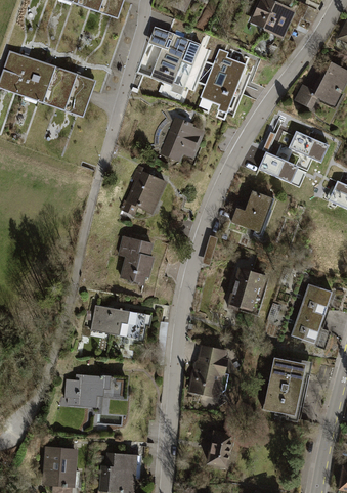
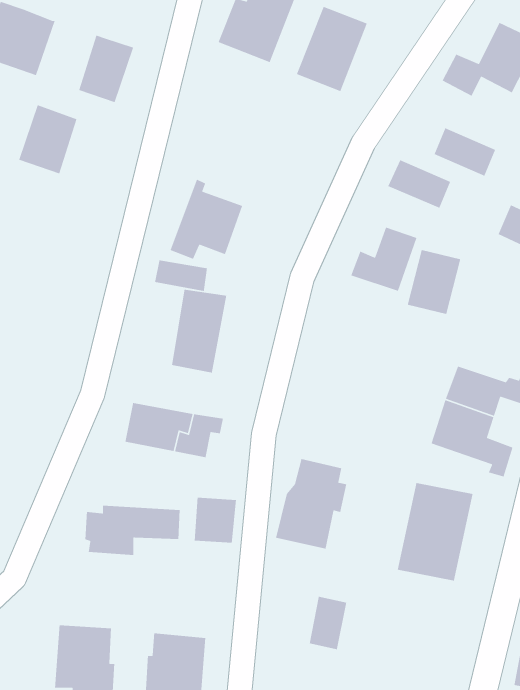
building: [33,61,71,106] -> [18,104,77,175]
building: [146,107,203,159] -> none
building: none -> [154,260,208,292]
building: [227,268,262,310] -> [407,249,461,315]
building: none -> [194,497,237,543]

